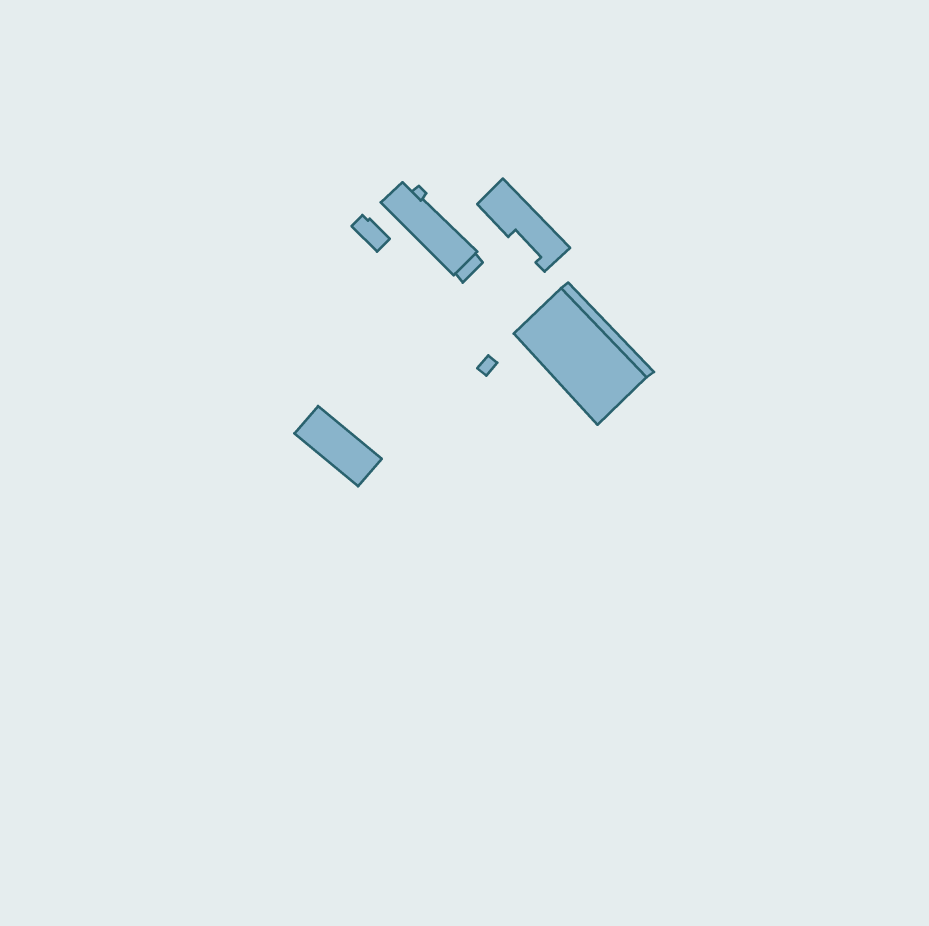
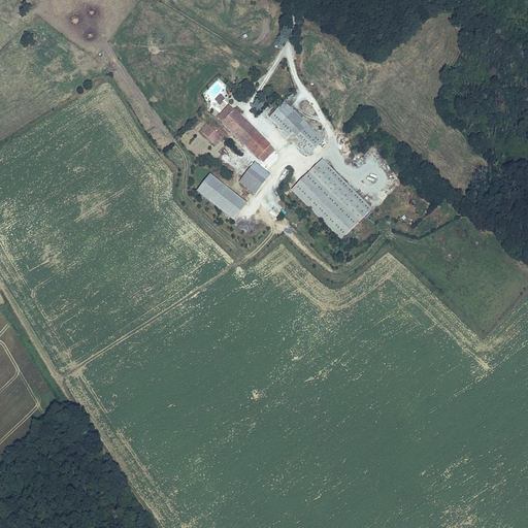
building: none -> [238,161,269,193]
building: [294,406,382,486] -> [196,172,245,218]

